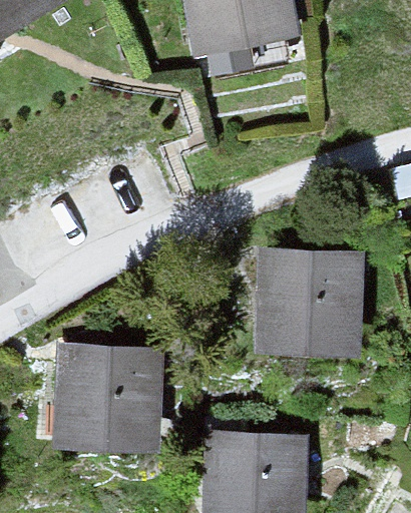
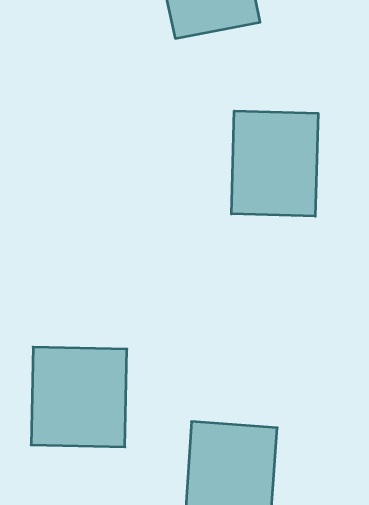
building: none -> [231,111,318,216]
building: [268,249,352,357] -> none

